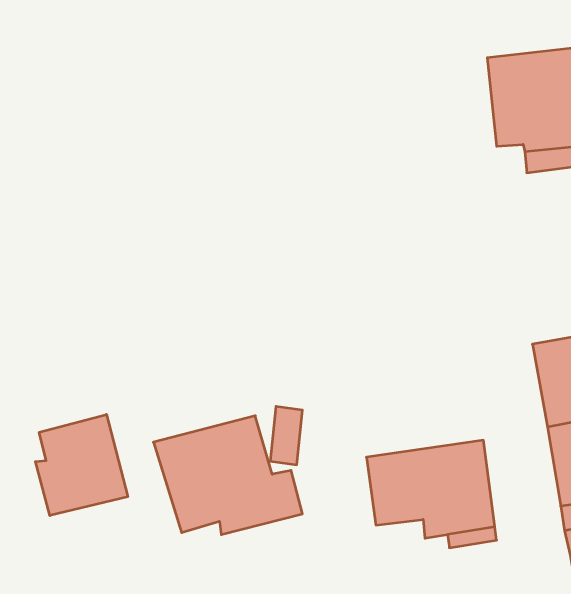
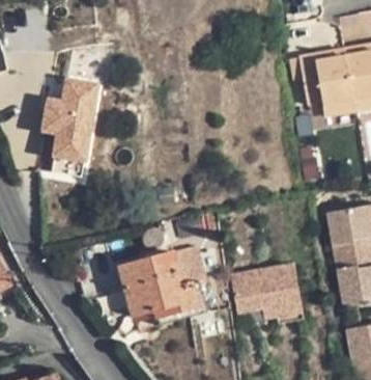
building: none -> [38,72,104,167]
building: [35,414,128,516] -> none

